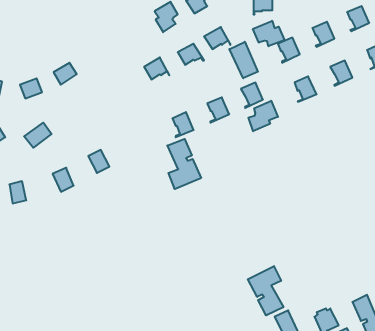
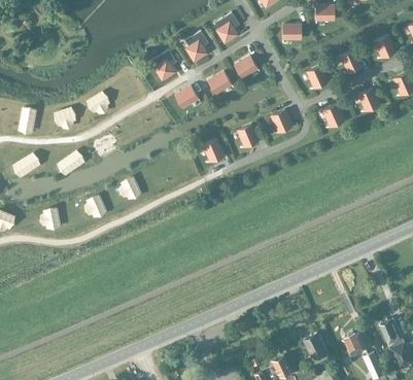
building: none -> [153,49,177,79]
building: [253,21,285,46] -> none
building: [229,42,258,78] -> none
building: [248,101,278,131] -> none
building: [167,139,201,189] -> none
building: [248,266,283,315] -> none

